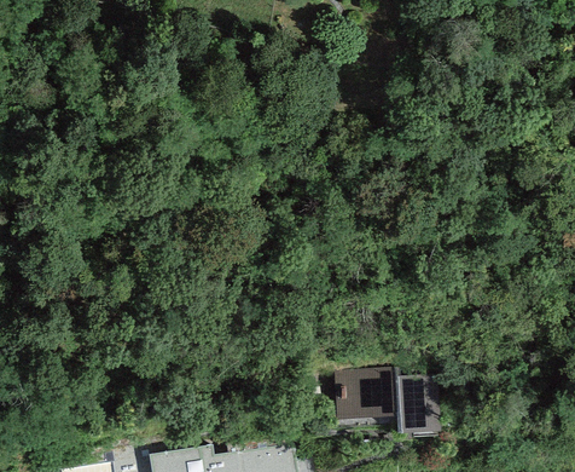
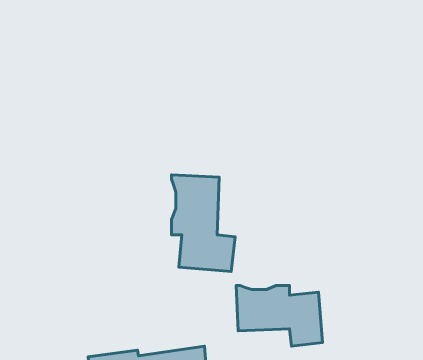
building: none -> [172,175,235,272]

